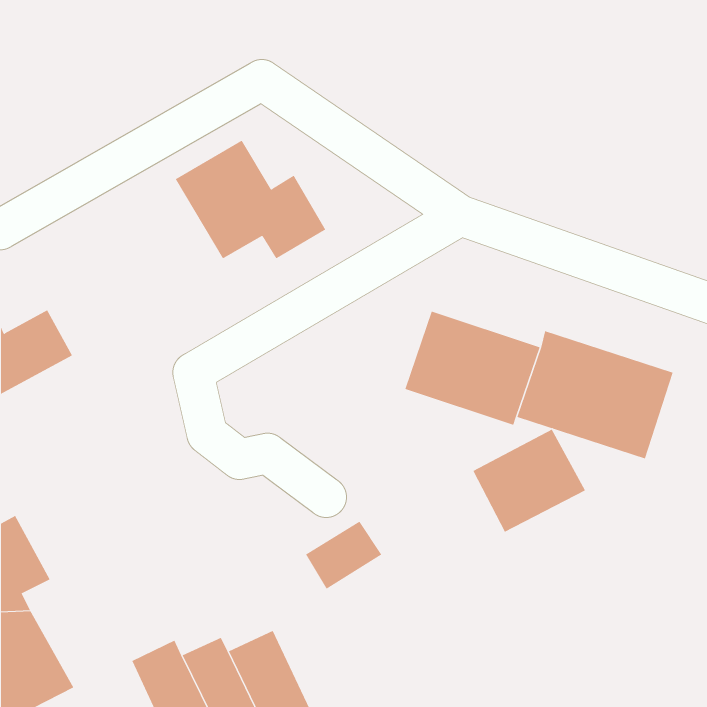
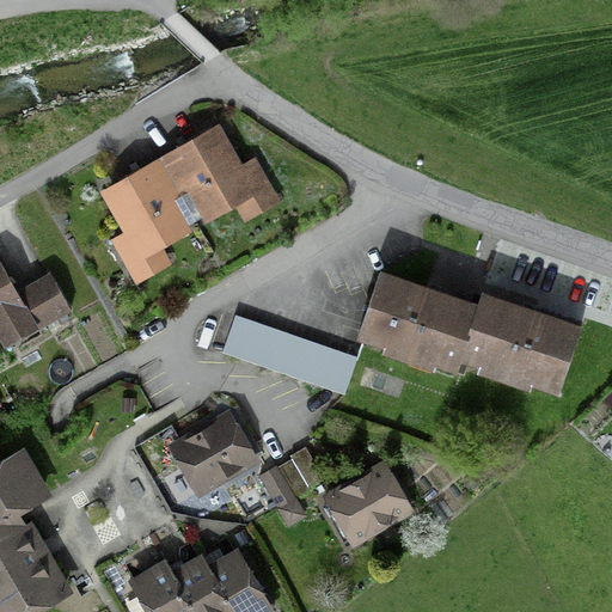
building: none -> [97,160,197,287]
building: none -> [227,323,365,387]
building: [472,429,586,532] -> [316,461,412,550]
building: none -> [164,408,257,495]

